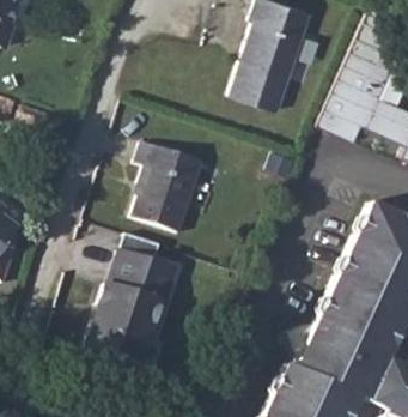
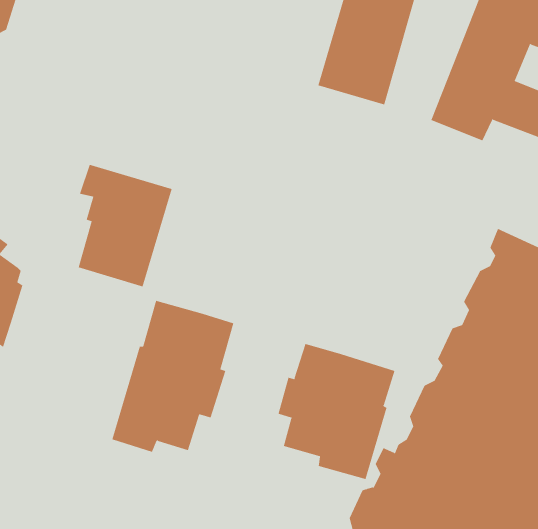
building: [132,140,201,230] -> [78,164,173,287]
building: none -> [278,343,395,480]

